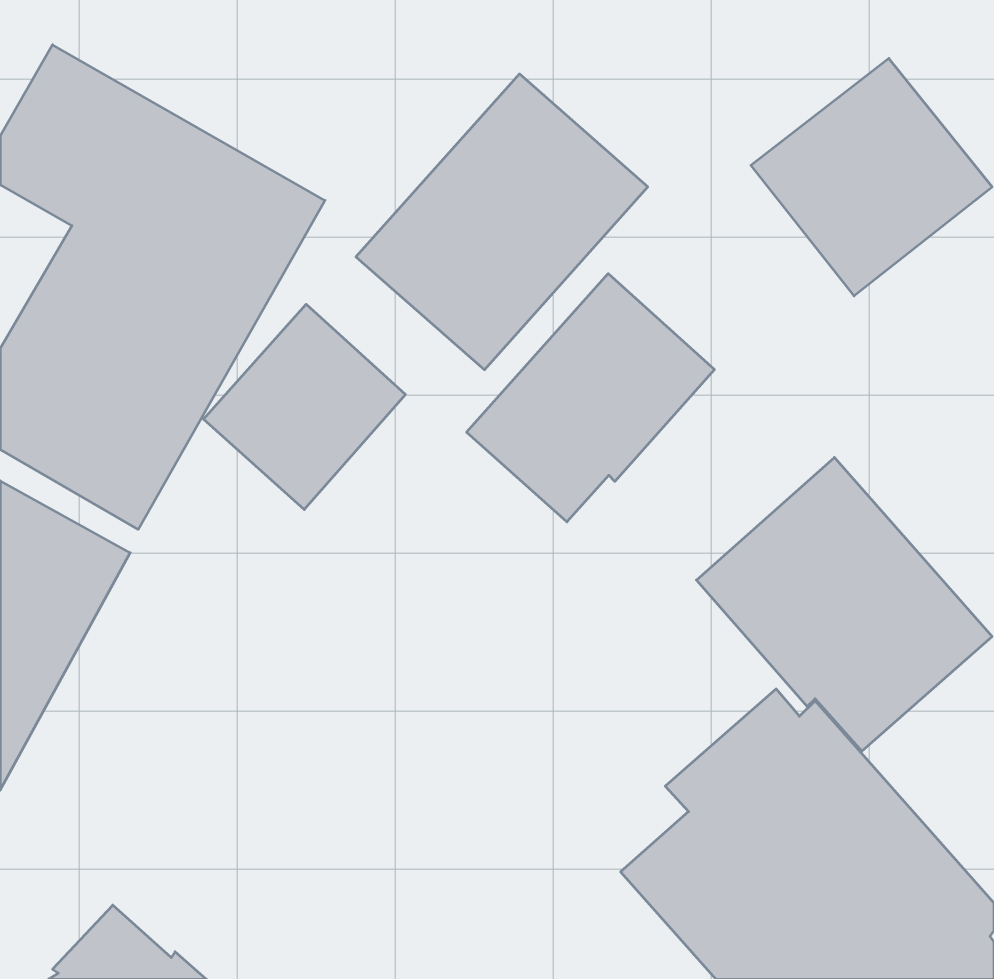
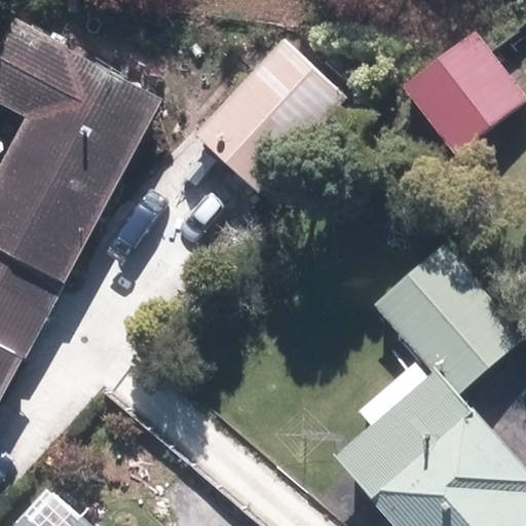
building: [467,274,714,522] -> none
building: [204,304,405,510] -> none

